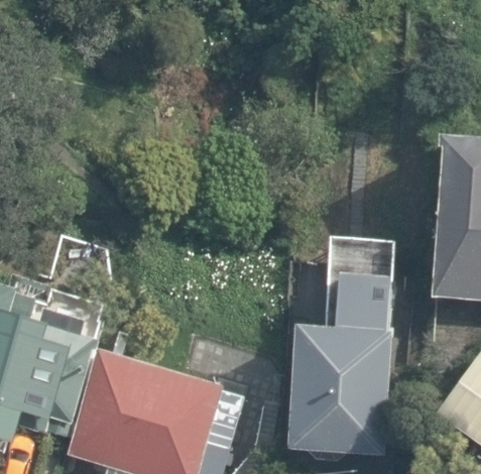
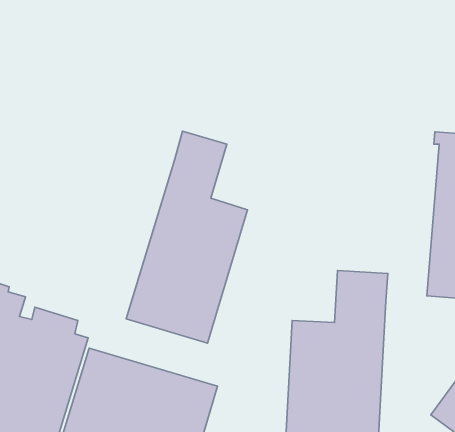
building: none -> [126,131,248,343]

